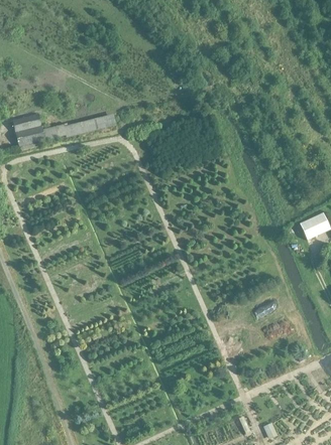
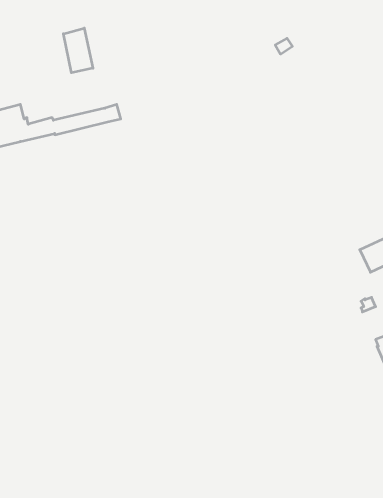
building: none -> [63,28,93,73]

